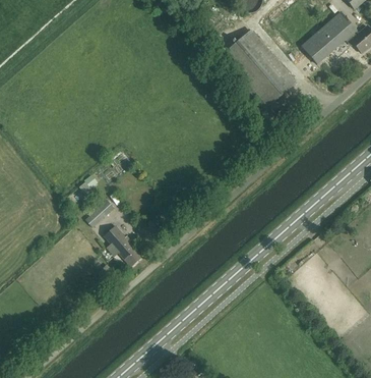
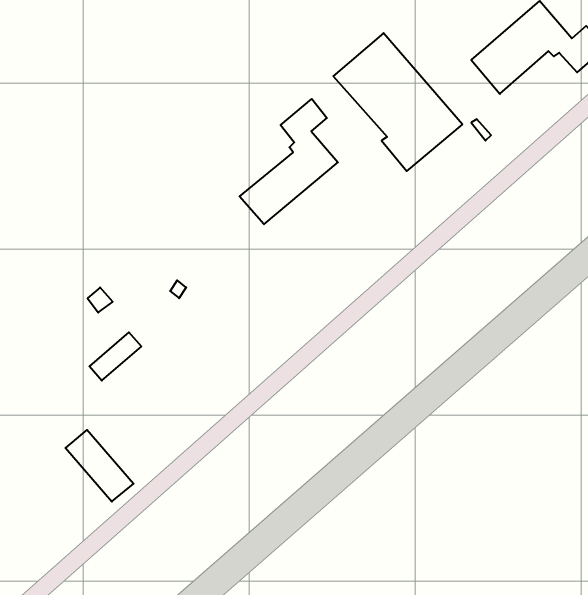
building: none -> [240,99,338,224]
building: [103,226,141,267] -> [65,430,134,502]

